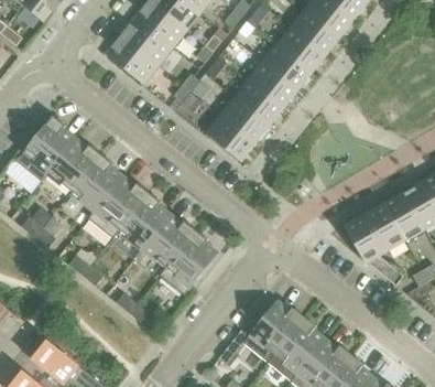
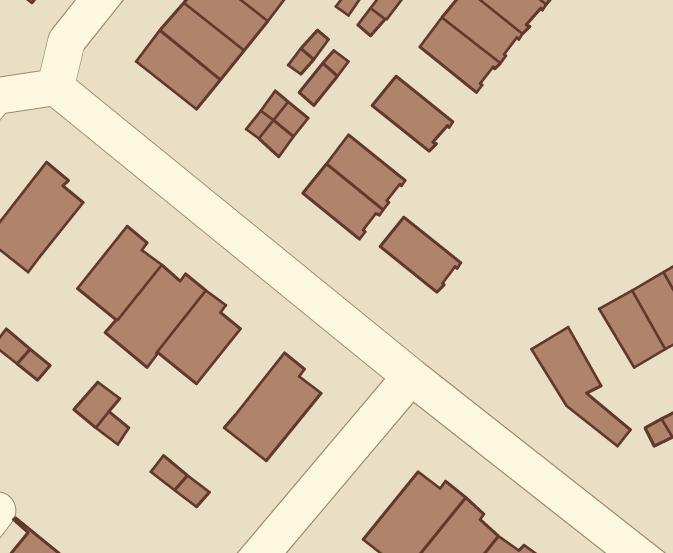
building: [262,45,311,90] -> none
building: [233,80,282,126] -> [380,217,461,292]
building: [47,139,100,191] -> none
building: [366,203,405,249] -> none
building: [142,215,195,267] -> none

